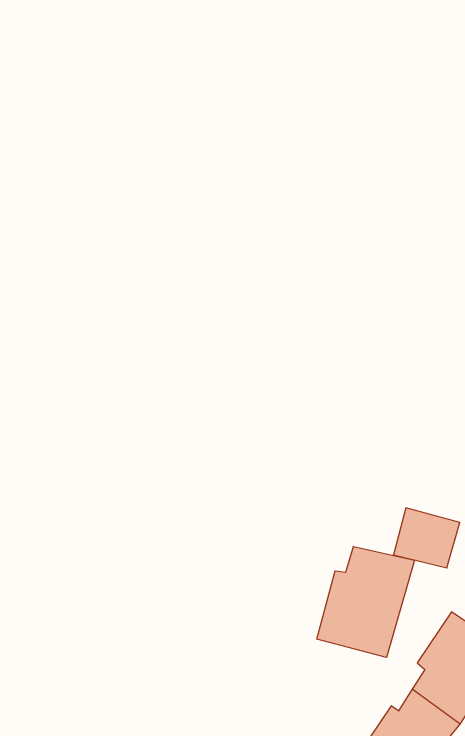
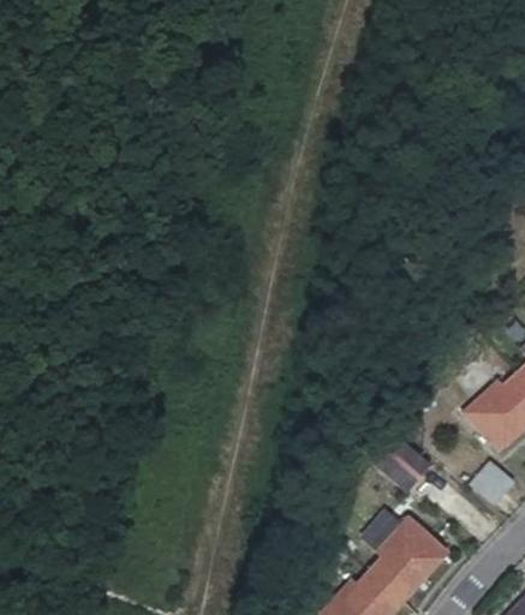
building: [317,546,414,657] -> none

